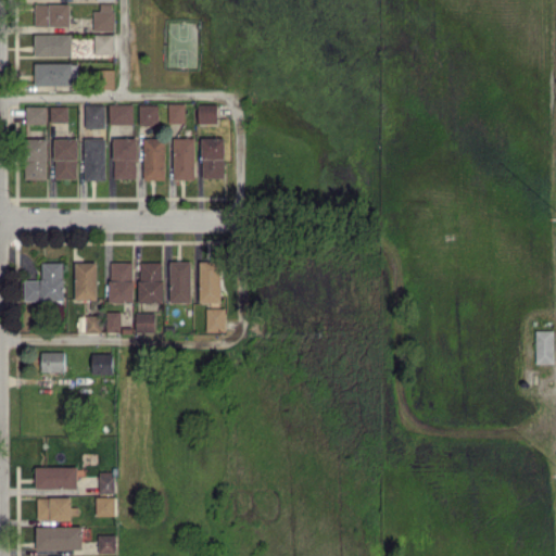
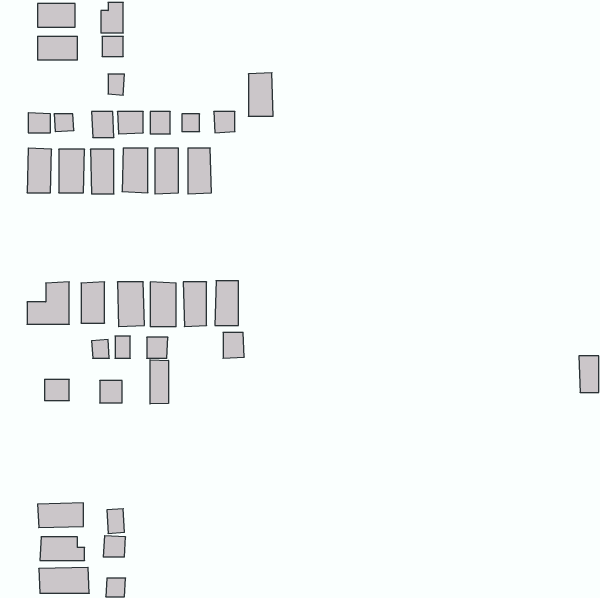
building: [35,64,76,87] -> none
building: [202,139,225,179] -> [248,73,273,116]
building: none -> [150,360,168,404]

